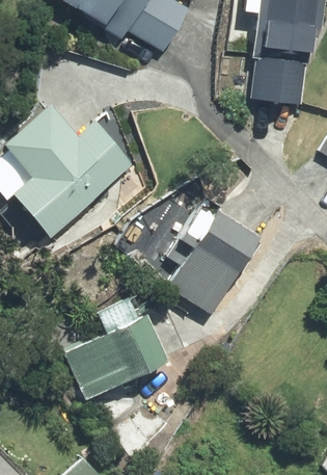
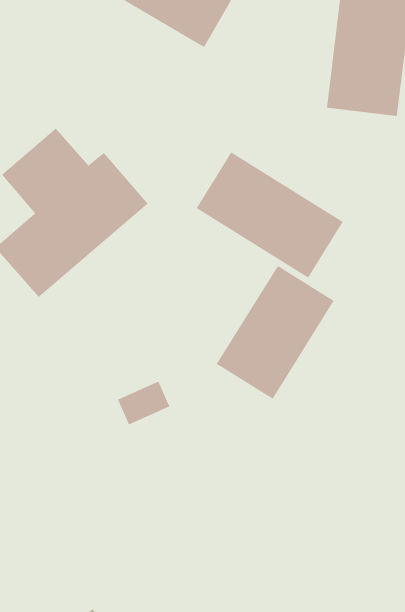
building: none -> [196,152,344,278]
building: [67,312,169,394] -> none

